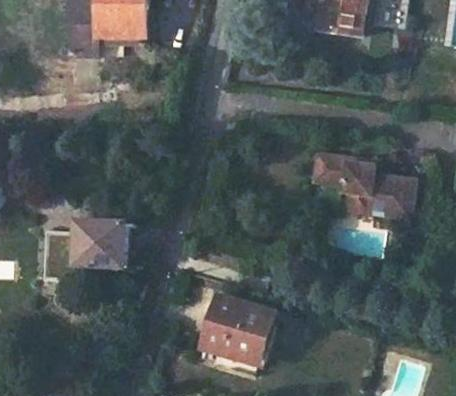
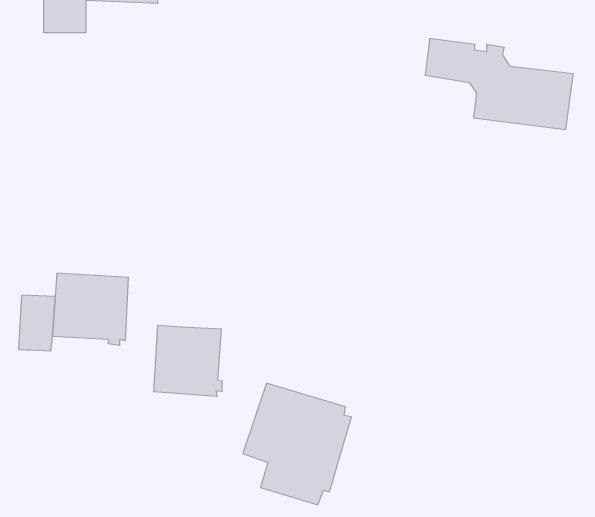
building: [312,154,413,216] -> [425,39,573,130]
building: none -> [154,325,222,397]

